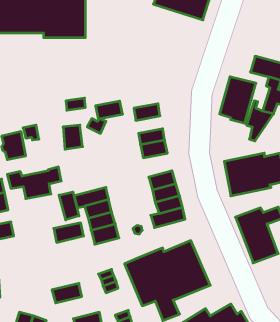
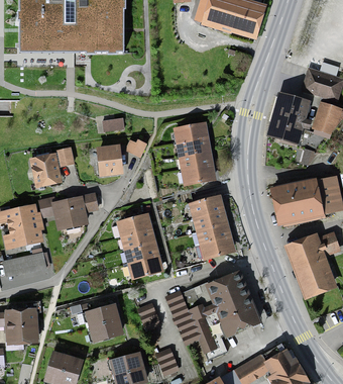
building: [96,101,123,119] -> [179,138,208,158]
building: [59,192,79,220] -> none
building: [54,223,84,242] -> [85,306,117,327]

